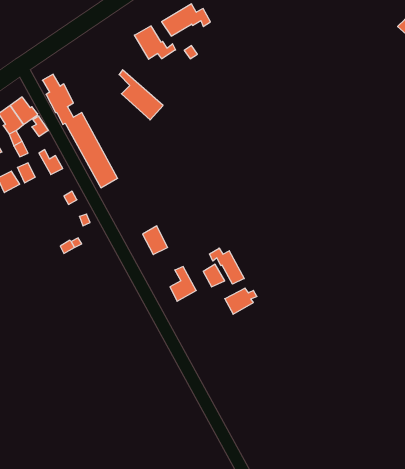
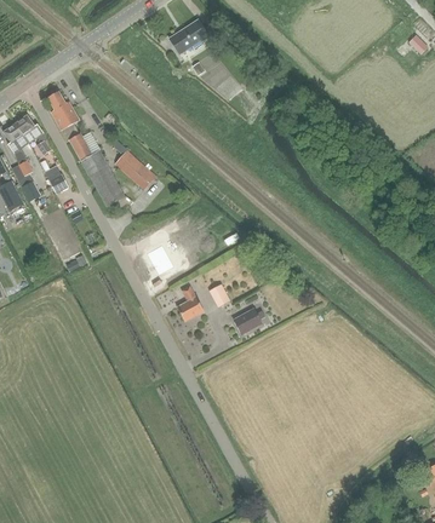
building: [134,26,176,59] -> none
building: [119,70,163,120] -> [111,139,156,190]
building: [209,248,244,284] -> none

